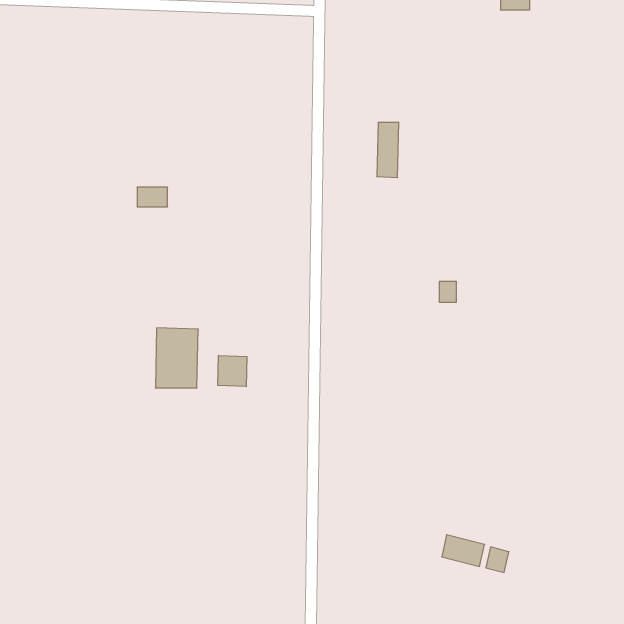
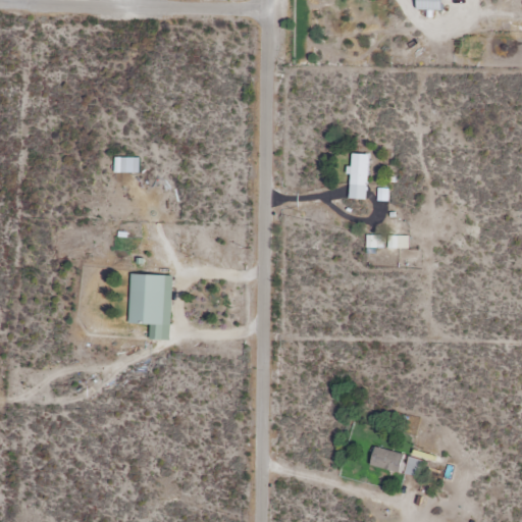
building: [377,123,399,178] -> [350,153,368,199]
building: [218,355,247,387] -> none

